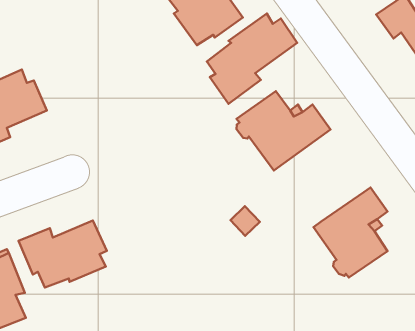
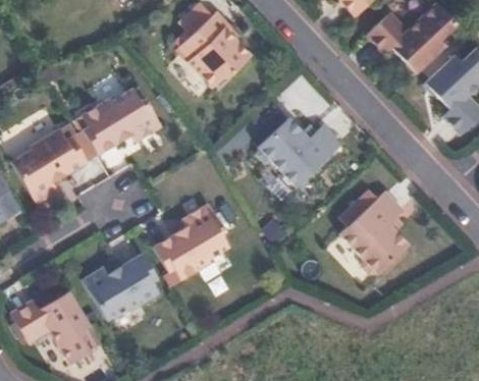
building: [207,13,297,104] -> none
building: none -> [81,88,161,155]
building: none -> [152,204,227,280]

